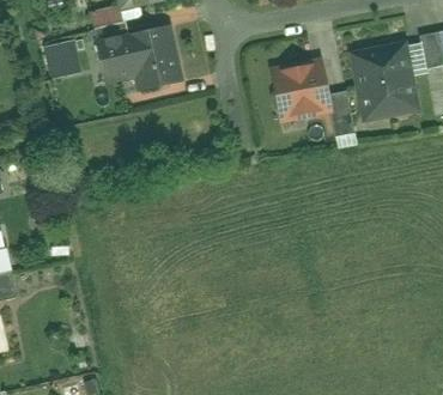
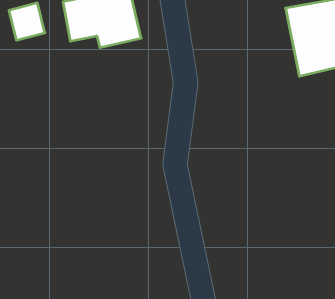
building: [269,57,335,123] -> none

